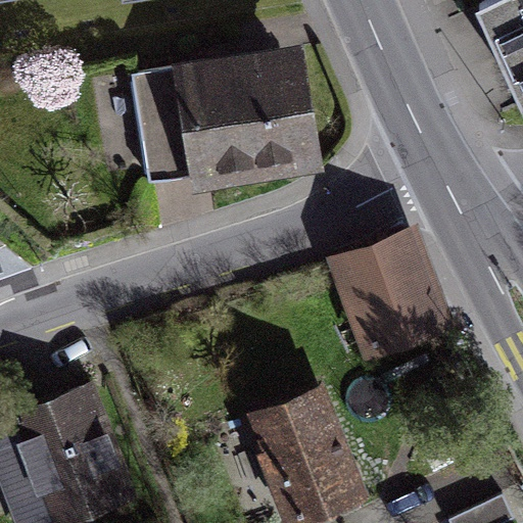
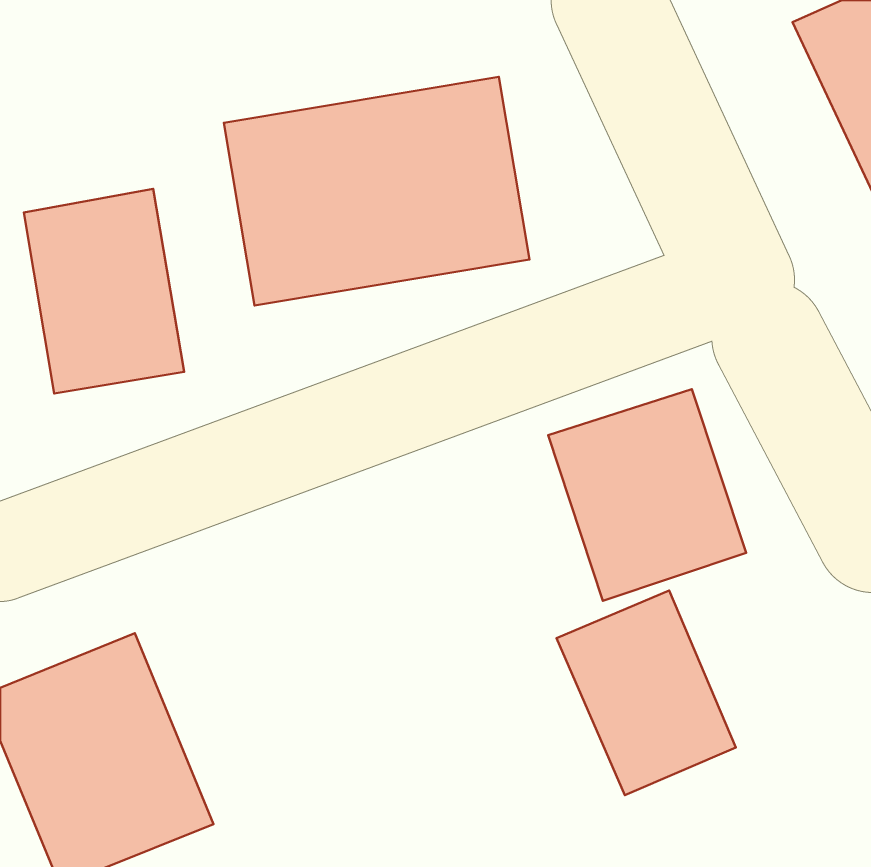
building: none -> [24,189,184,394]
building: [258,386,366,509] -> [556,590,736,795]

